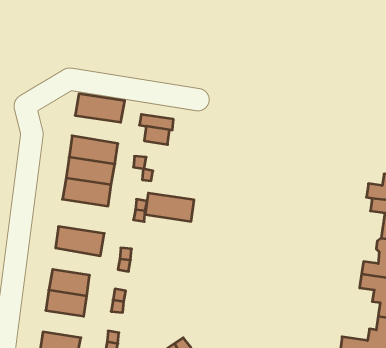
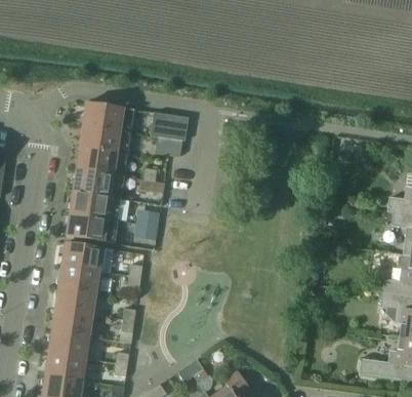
building: none -> [79,125,130,155]
building: [145,193,194,221] -> [66,213,117,243]
building: none -> [58,265,109,293]
building: none -> [48,330,91,359]

